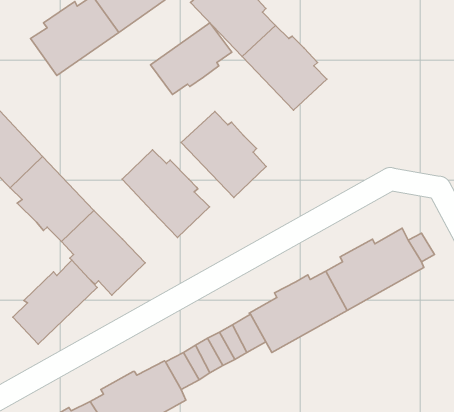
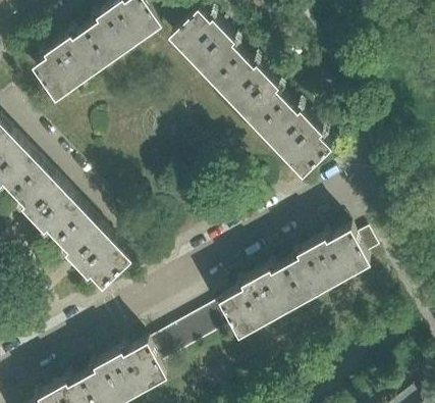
building: [151,23,232,94] -> none
building: [181,112,266,198] -> [256,103,328,177]
building: [122,150,209,237] -> none
building: [13,260,97,344] -> none

